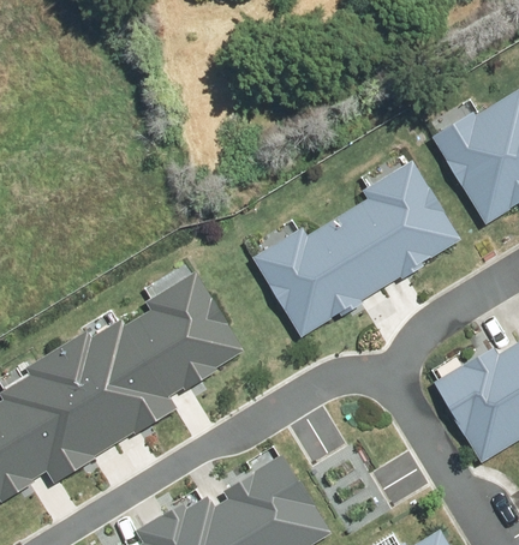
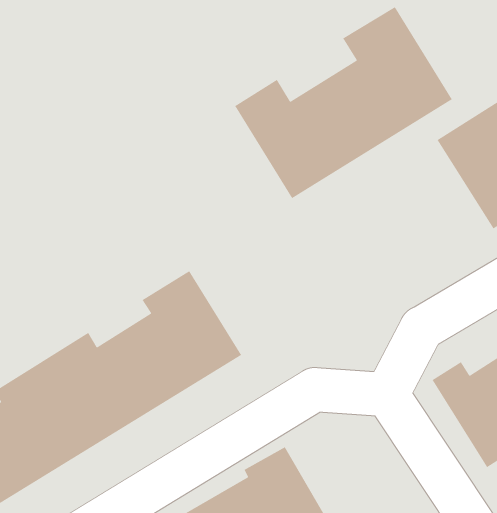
building: [246,144,460,333] -> [234,6,453,199]

